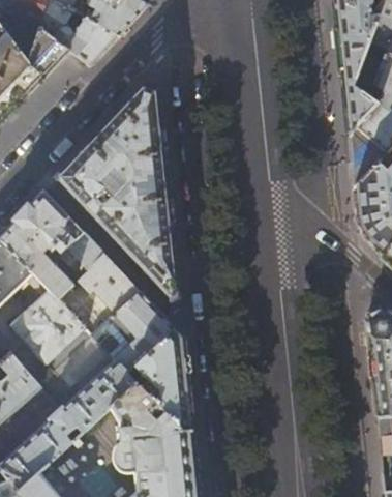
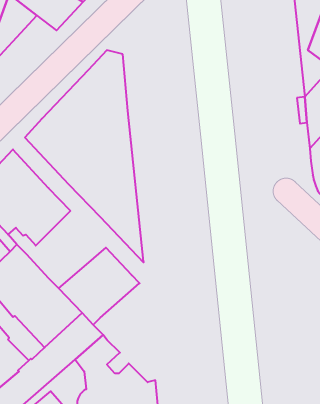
building: [58,253,141,323] -> none
building: [134,328,192,432] -> none

